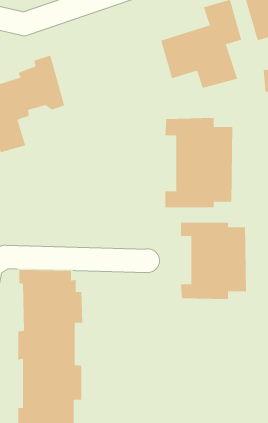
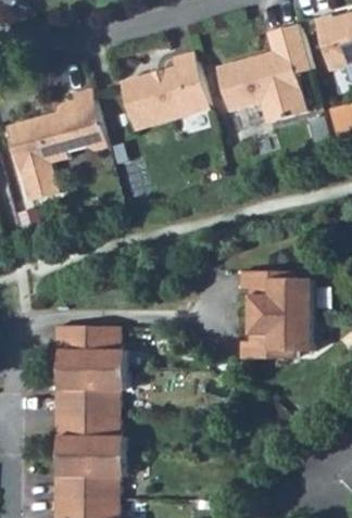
building: none -> [118,51,208,127]
building: [165,117,233,208] -> none

